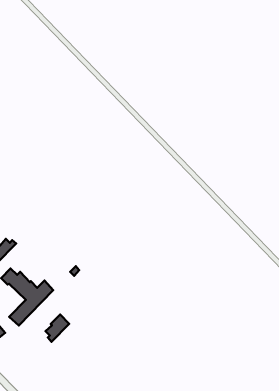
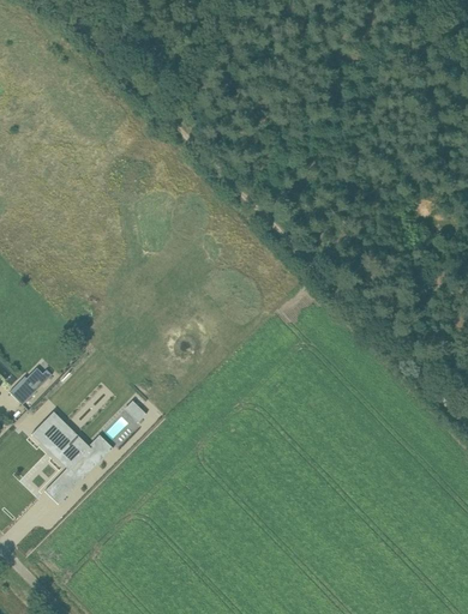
building: [46,315,69,342] -> none

